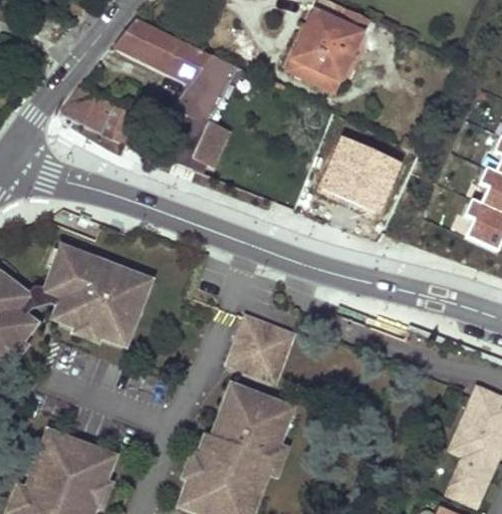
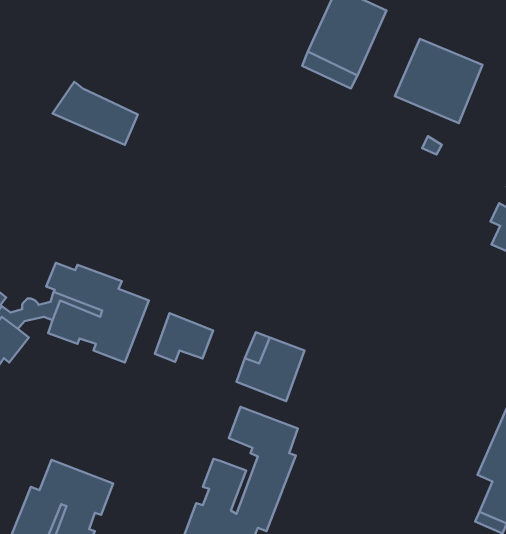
building: [115,17,234,169] -> none
building: [318,137,400,215] -> [395,39,483,123]
building: none -> [155,313,213,362]
building: [213,416,248,486] -> none

